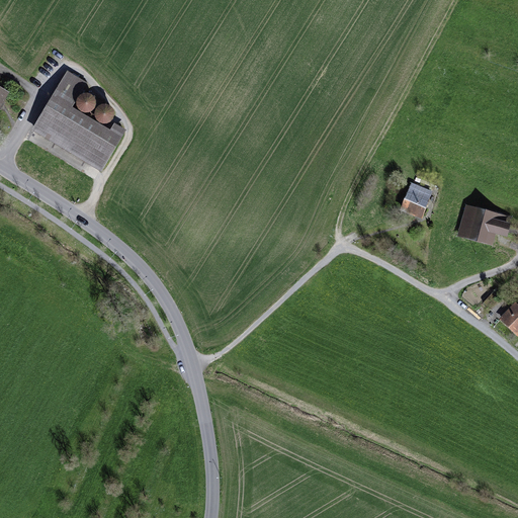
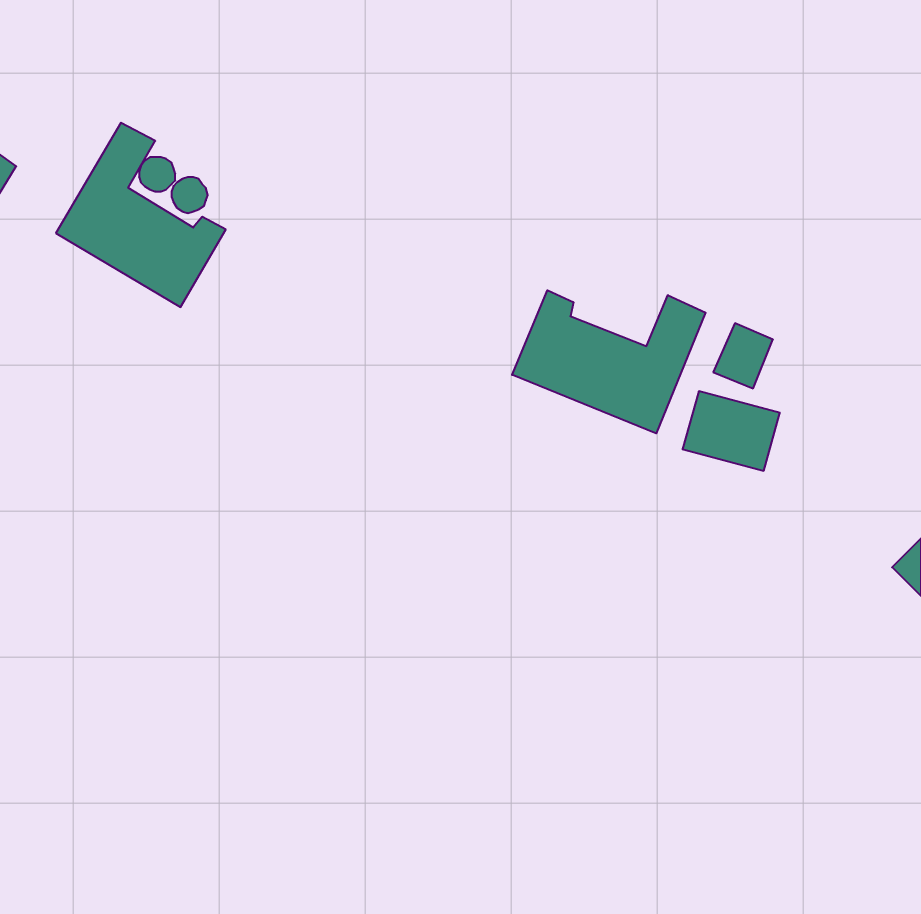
building: none -> [512,290,706,433]
building: [456,203,511,248] -> [682,391,780,471]

